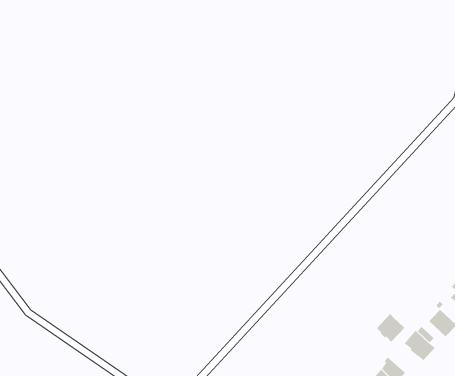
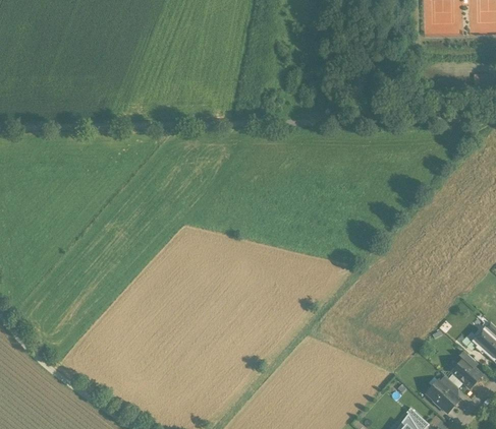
building: [376,313,406,342] -> none

